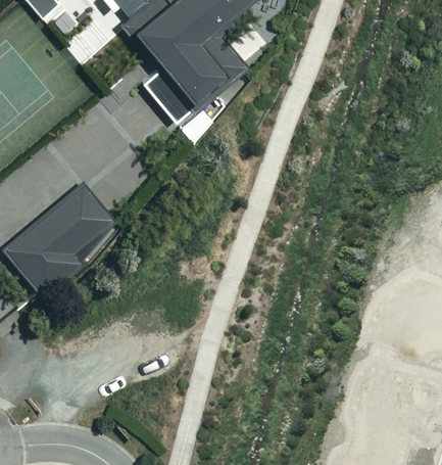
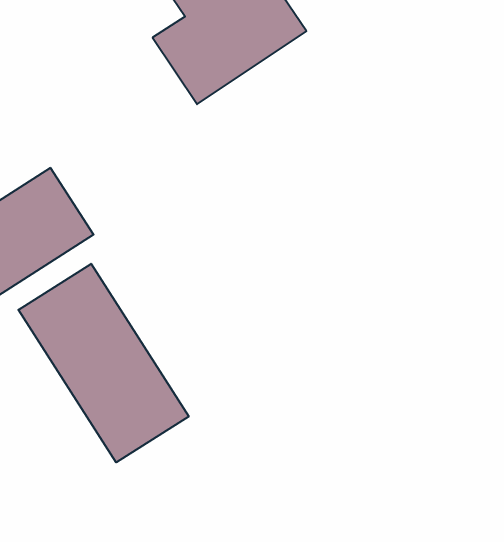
building: none -> [18,264,189,462]

